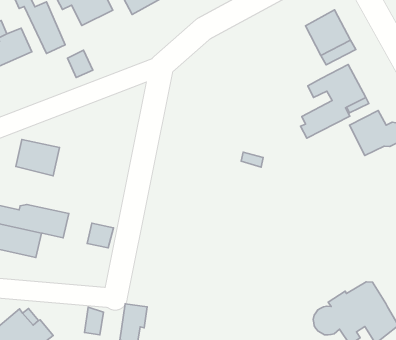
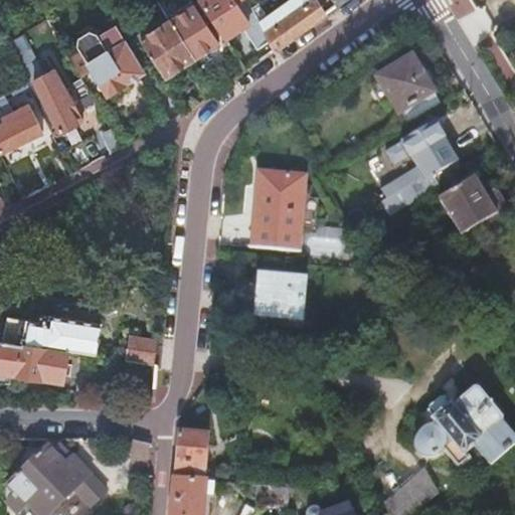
building: none -> [252,169,305,248]
building: [16,139,59,176] -> none
building: none -> [256,271,305,317]

